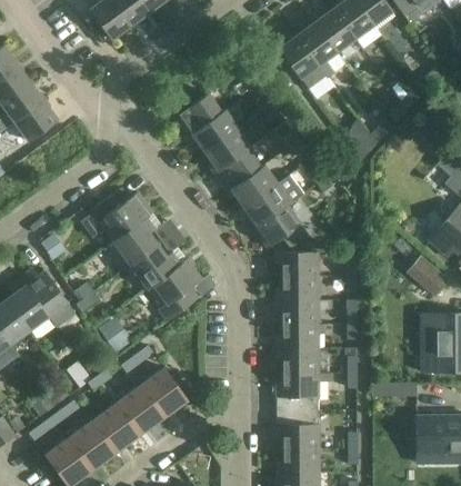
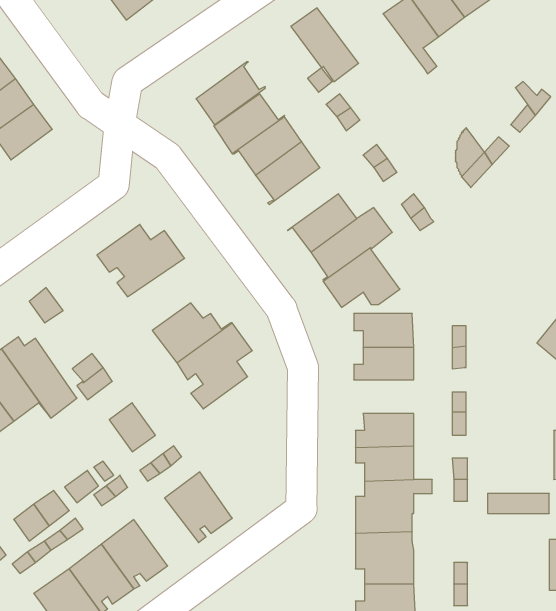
building: [278,36,327,89] -> [291,8,359,82]
building: [214,147,264,192] -> [196,62,265,125]
building: [112,212,158,265] -> none
building: [275,300,319,325] -> none
building: [117,386,163,435] -> none

